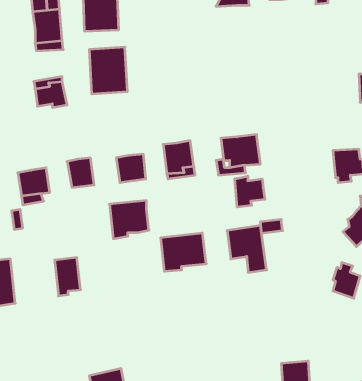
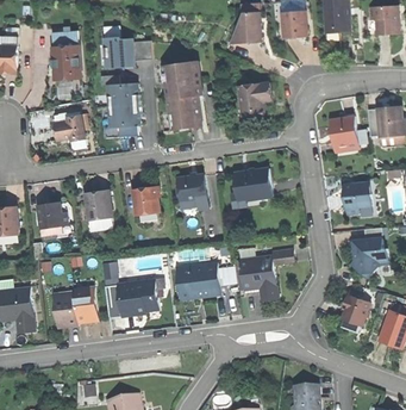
building: none -> [163,60,201,129]
building: none -> [237,82,270,119]
building: none -> [329,116,357,151]
building: [235,176,265,207] -> none
building: [109,201,149,239] -> [118,280,156,317]
building: none -> [52,291,77,325]

